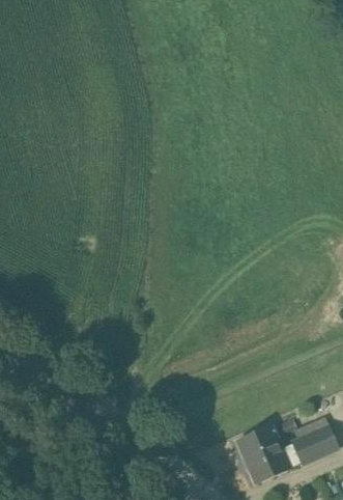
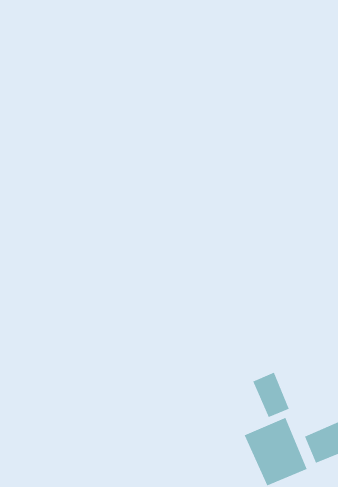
building: none -> [253,372,290,418]

